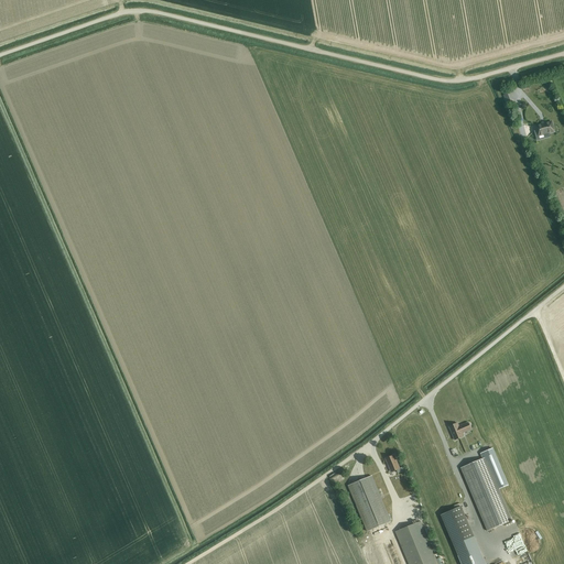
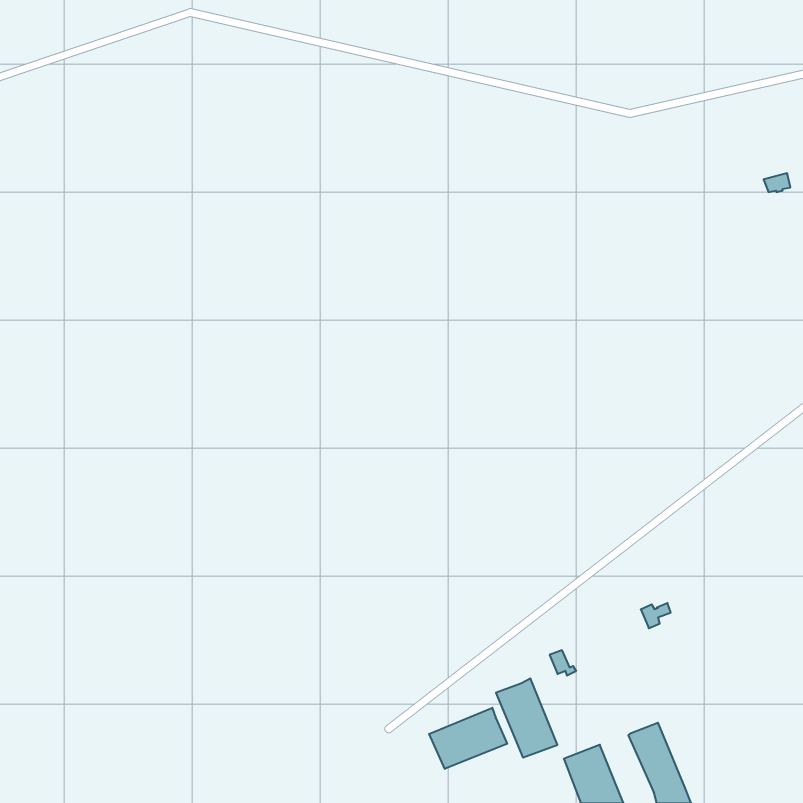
building: [459,447,511,530] -> none
building: none -> [429,708,507,769]

